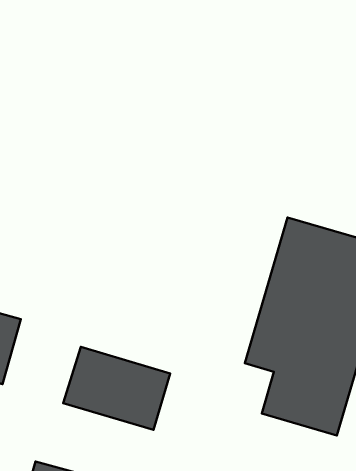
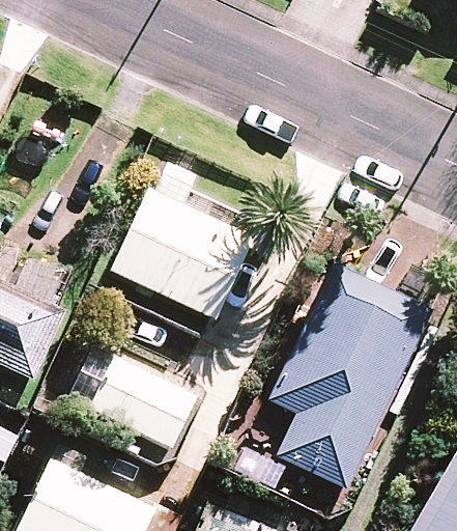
building: none -> [83,193,249,338]

